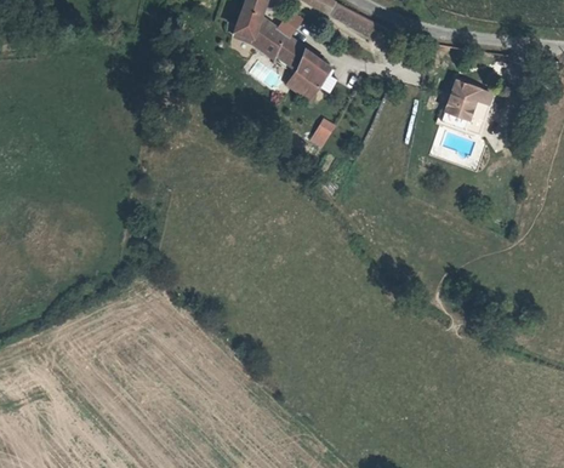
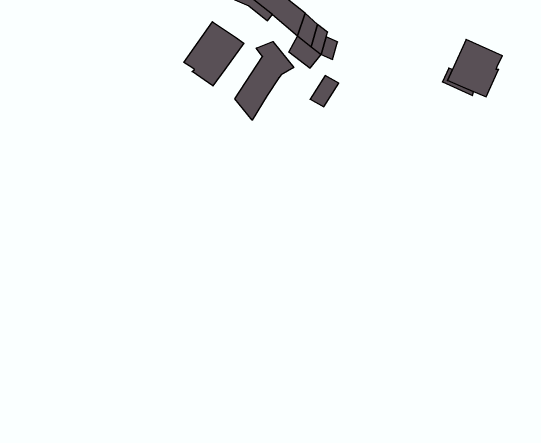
building: none -> [184,22,244,86]
building: none -> [235,42,294,120]

